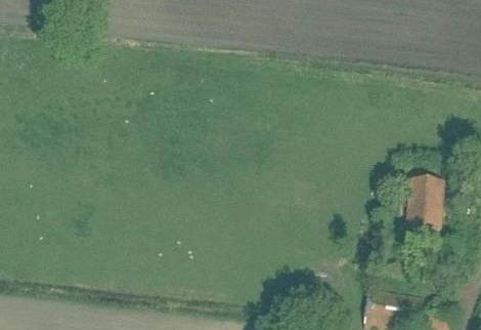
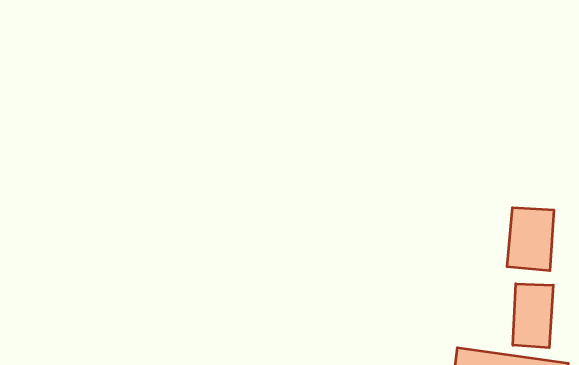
building: none -> [513,284,553,348]

